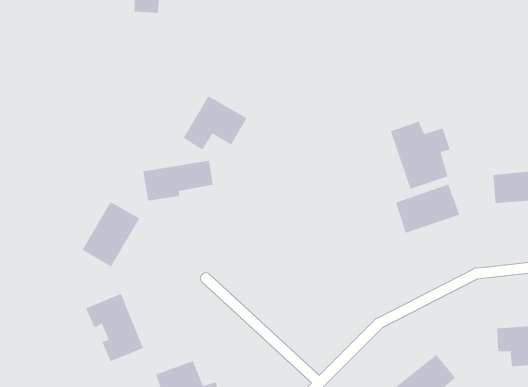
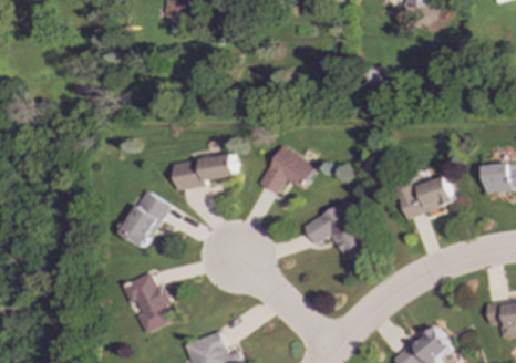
building: [183,96,248,150] -> [258,146,316,195]
building: [390,121,451,190] -> none
building: none -> [302,203,364,255]

